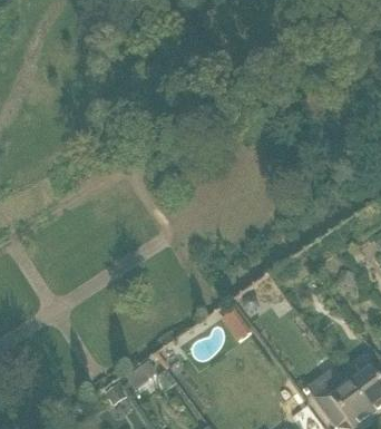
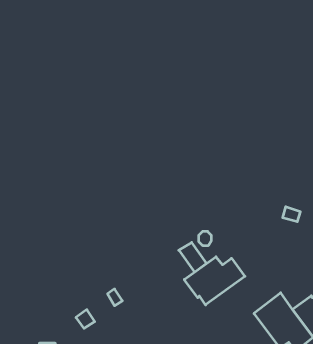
building: none -> [184,257,245,305]

